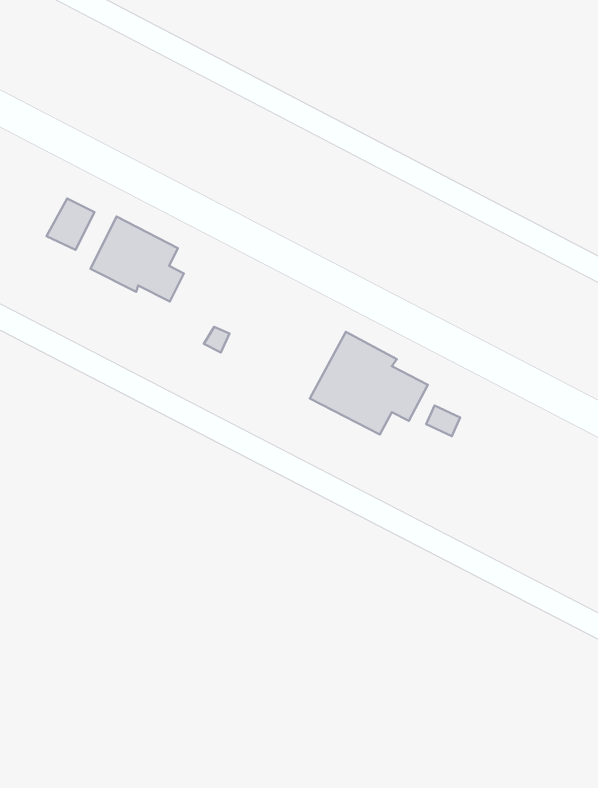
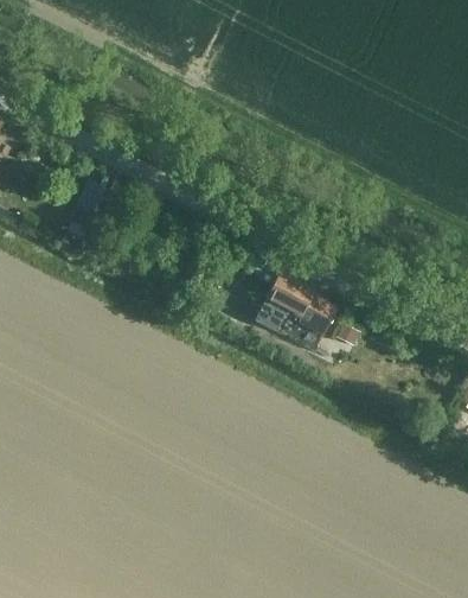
building: [91,216,184,301] -> none

